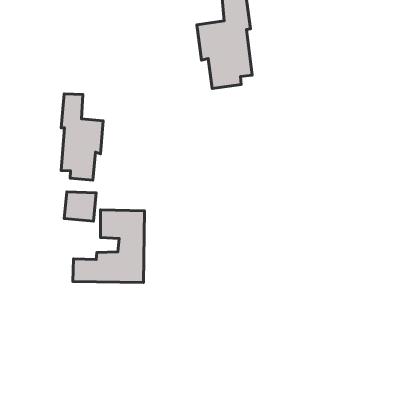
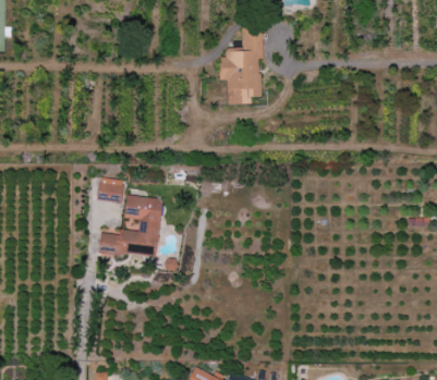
building: [61,94,103,180] -> none

